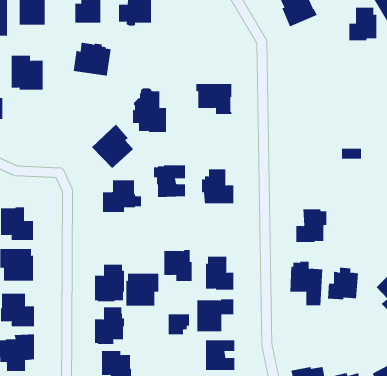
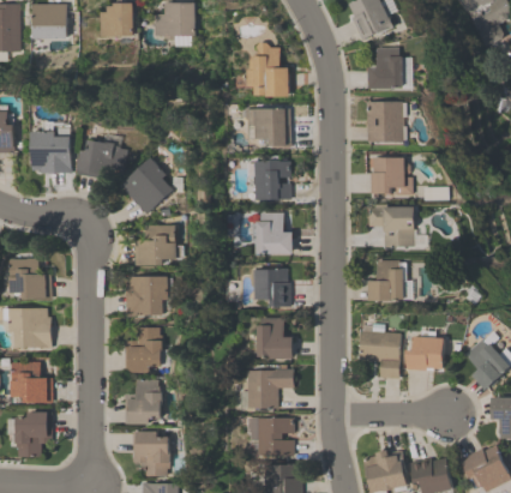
building: [348,7,377,41] -> [367,48,402,89]
building: [73,42,112,76] -> [78,140,125,181]
building: [11,55,44,90] -> [31,131,71,173]
building: none -> [365,101,405,142]
building: [132,88,167,132] -> [246,43,288,97]
building: none -> [369,157,411,194]
building: [153,165,186,198] -> [251,161,290,200]
building: none -> [367,208,414,247]
building: [164,250,192,281] -> [256,269,290,307]
building: [125,273,159,306] -> [125,276,166,315]
building: [168,314,189,335] -> none

